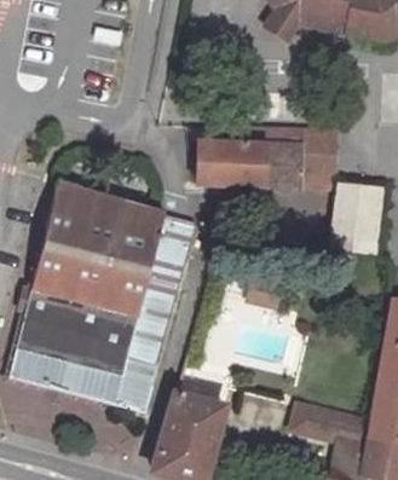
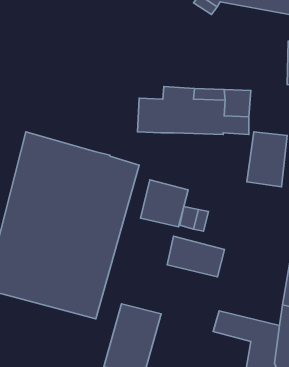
building: none -> [141,180,188,227]
building: none -> [167,236,224,277]

